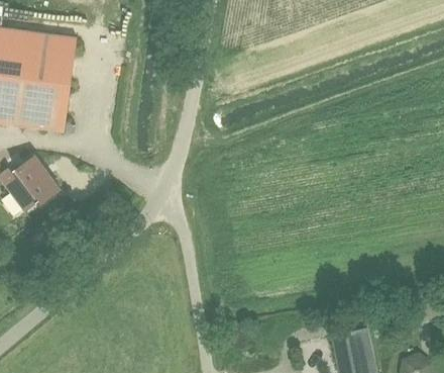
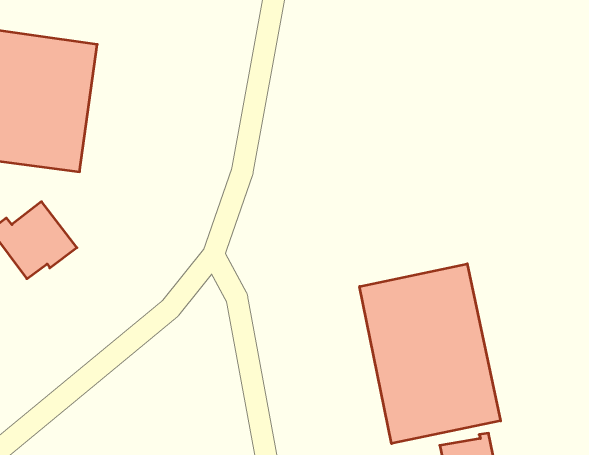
building: none -> [360,264,501,444]

